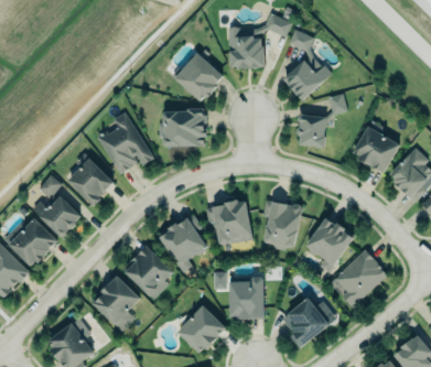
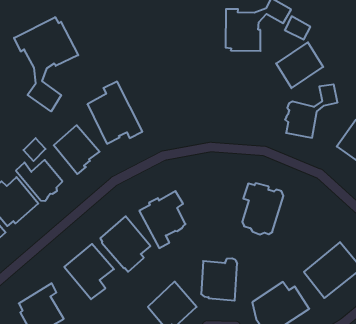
building: none -> [14,17,78,111]
building: [175,53,223,100] -> none
building: [159,108,207,145] -> none
building: [206,199,252,244] -> none
building: [304,217,353,274] -> none

